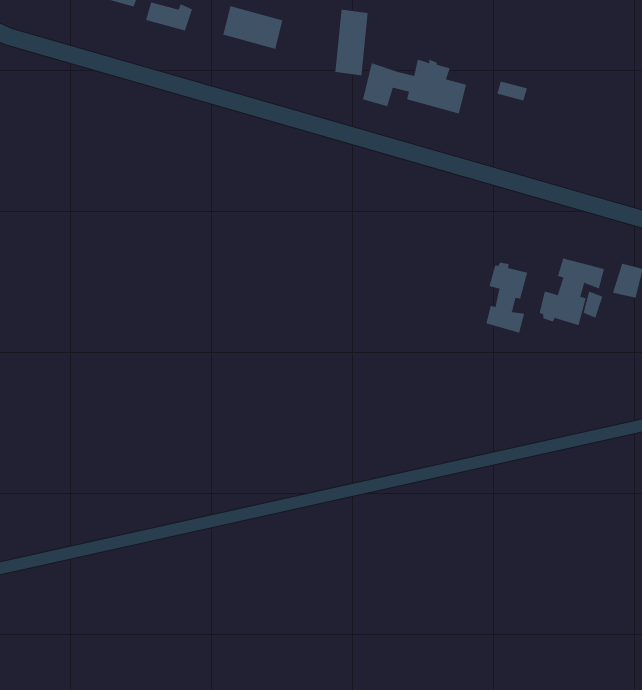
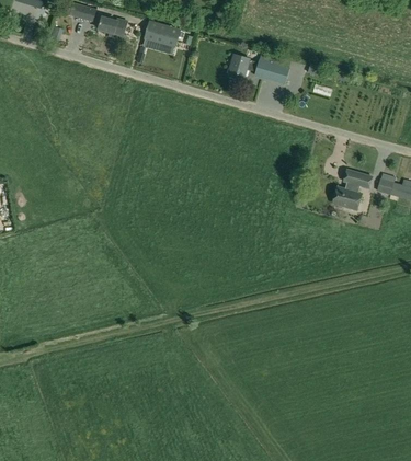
building: [335,9,368,76] -> none
building: [486,262,528,333] -> none

